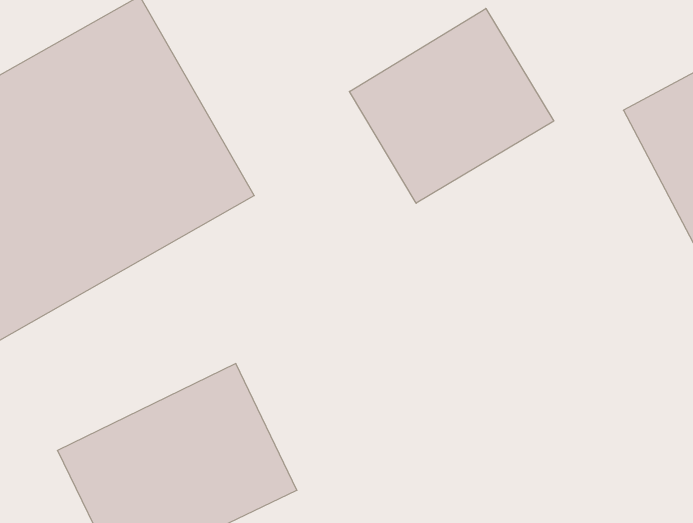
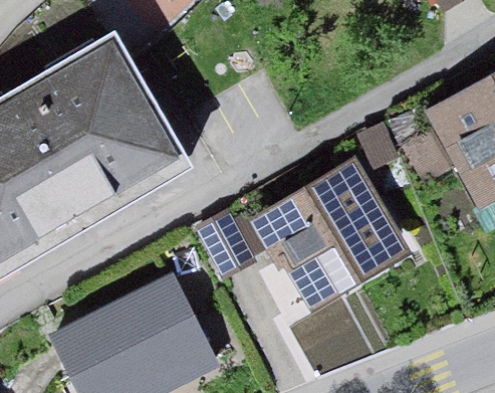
building: [349,8,554,203] -> none
building: none -> [254,159,406,307]

